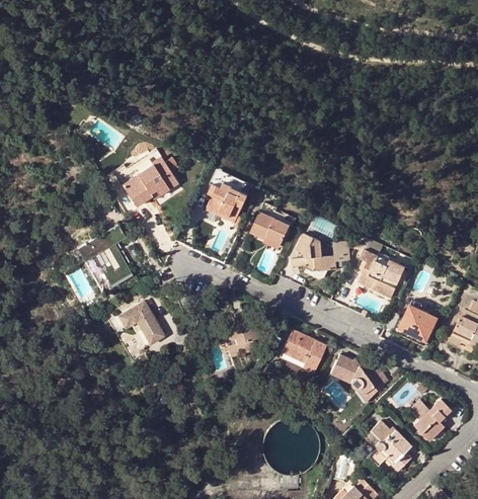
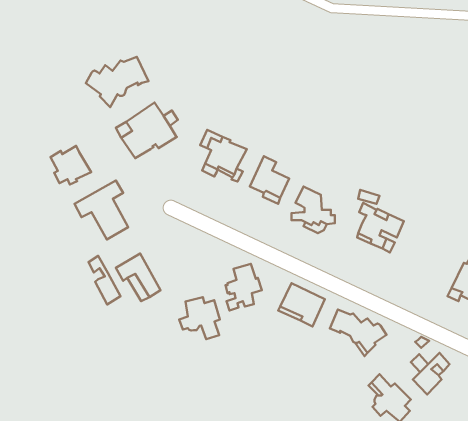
building: none -> [86,57,148,107]
building: none -> [50,146,91,184]
building: none -> [89,256,121,305]
building: [400,305,437,341] -> none
building: none -> [179,297,220,339]

